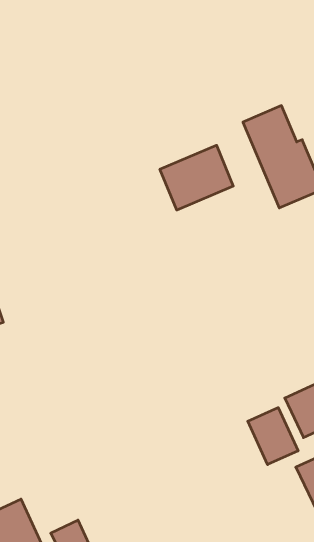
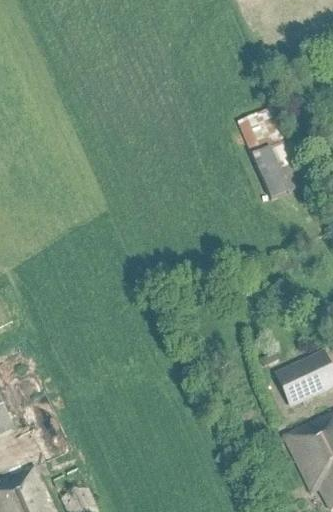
building: [160,145,233,210] -> none
building: [248,408,298,465] -> none

